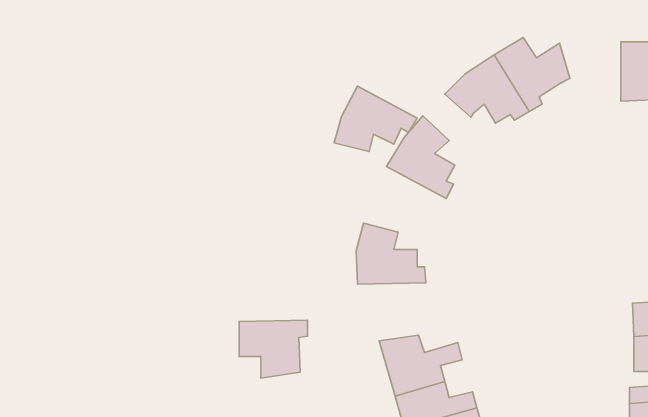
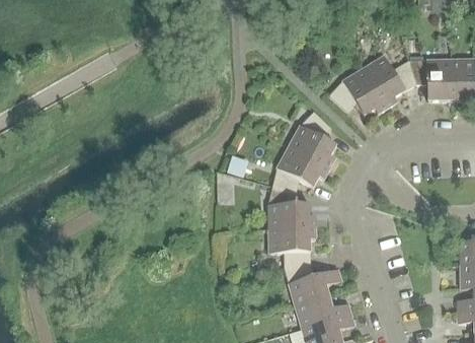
building: none -> [408,58,451,99]
building: [334,86,417,151] -> [271,145,329,191]
building: [239,320,307,378] -> [267,226,315,267]

